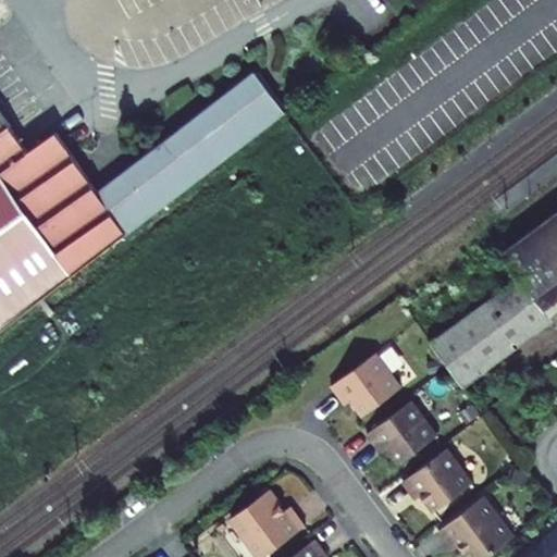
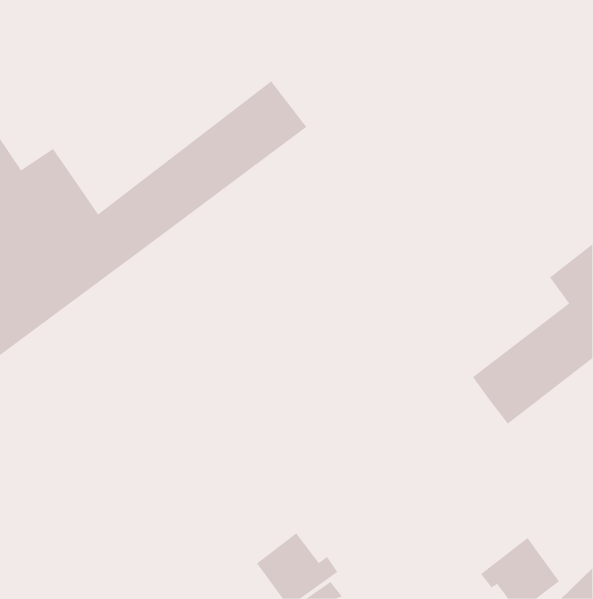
building: [331,354,400,417] -> none
building: [369,401,437,465] -> none
building: [406,448,474,510] -> none

